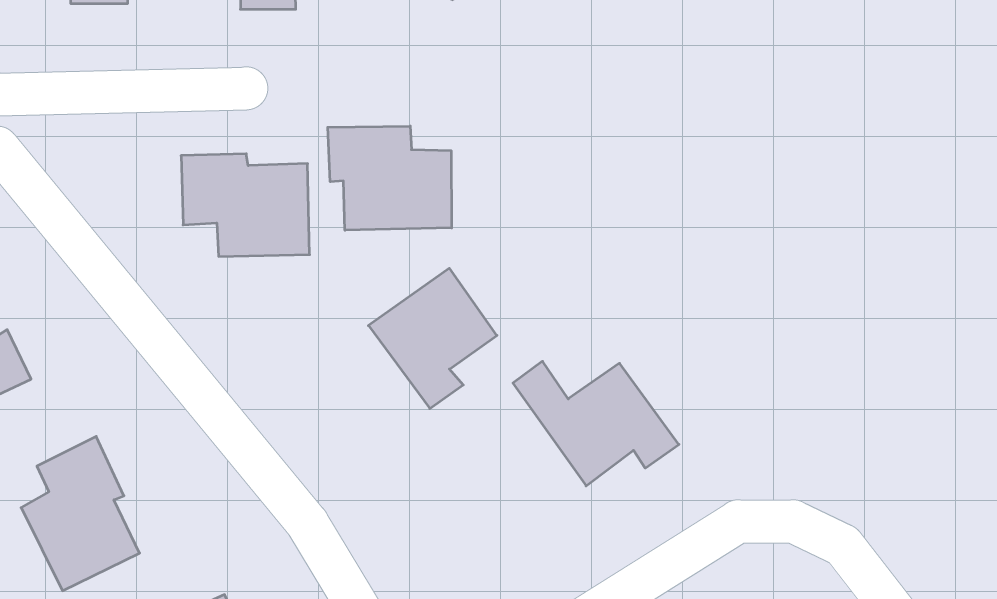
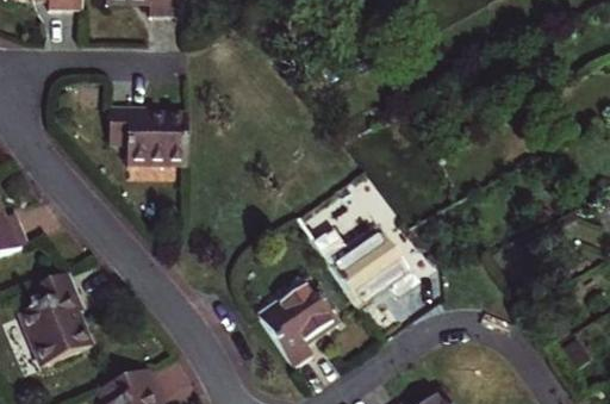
building: [328,126,452,230] -> none
building: [368,268,497,409] -> [257,276,335,361]

